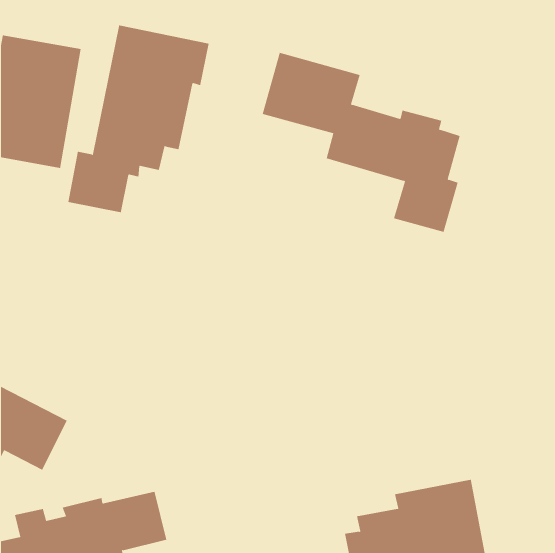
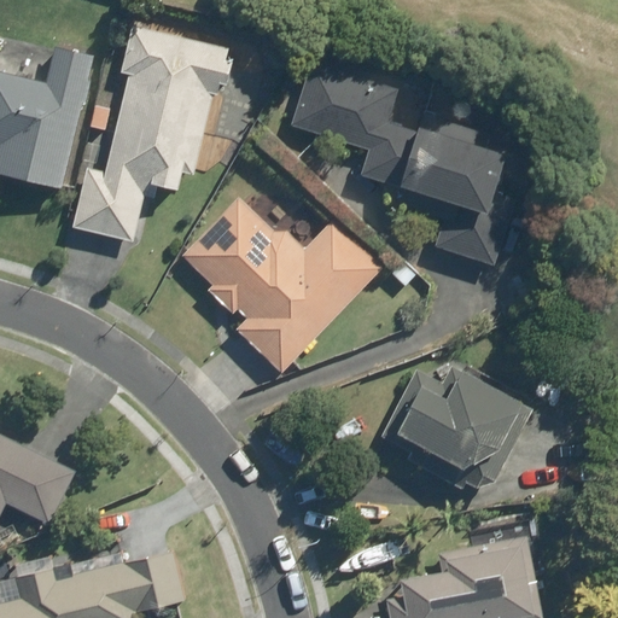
building: none -> [183,202,380,372]
building: none -> [377,361,534,495]

